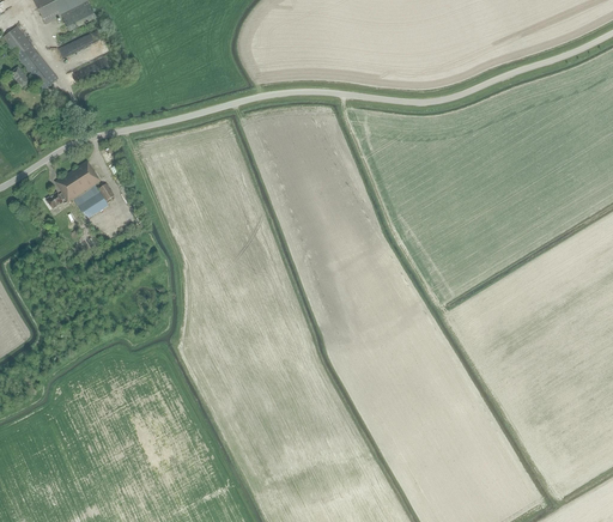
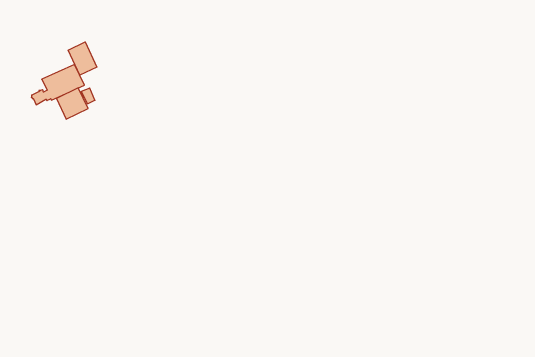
building: none -> [68,42,97,75]

